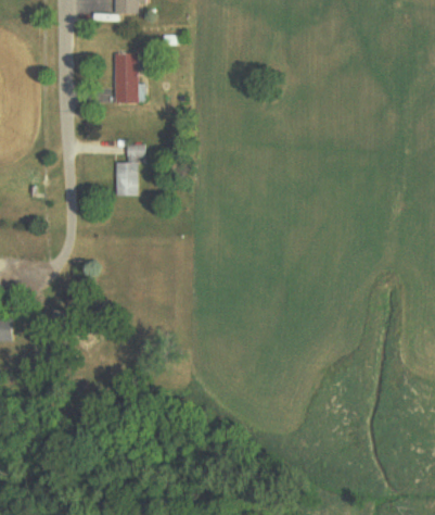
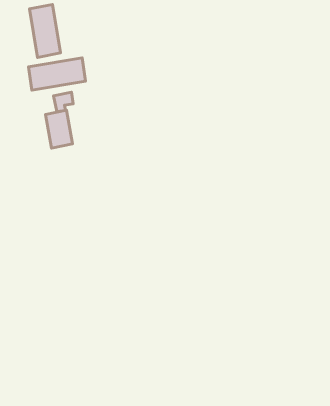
building: none -> [29,58,85,90]

